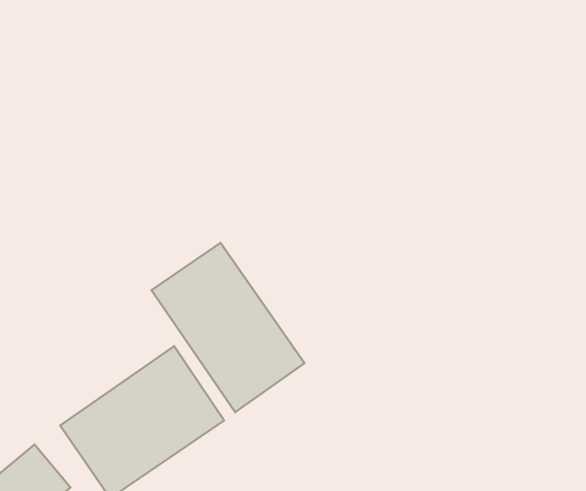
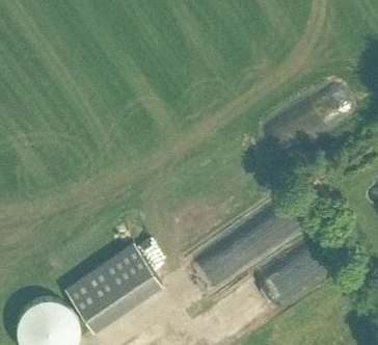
building: [151,243,304,412] -> none

